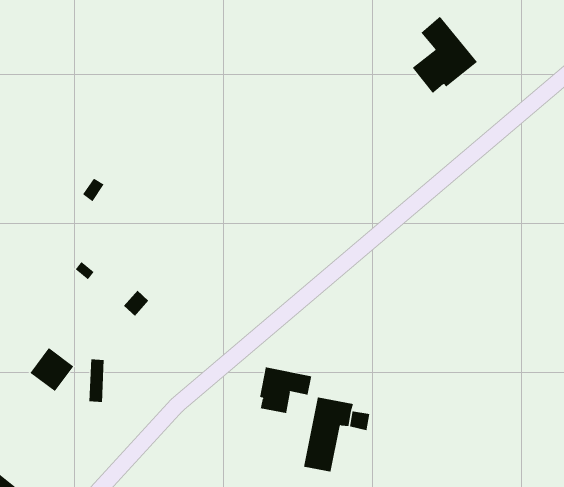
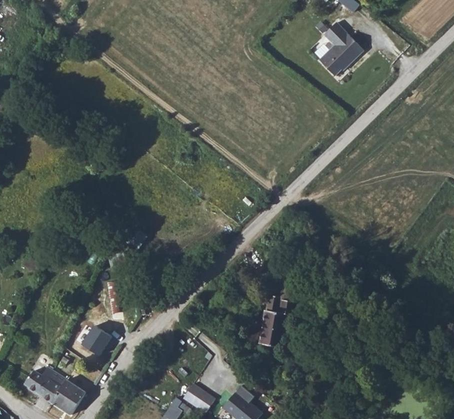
building: [29,347,74,392] -> [79,326,110,357]
building: [259,367,312,414] -> none

